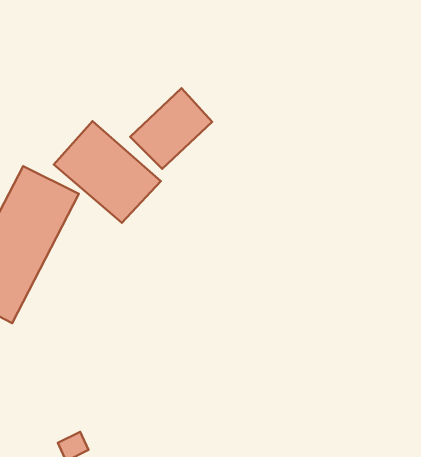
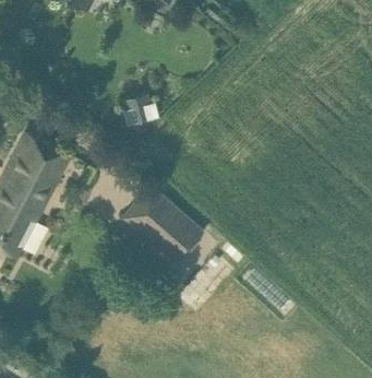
building: [54,121,161,223] -> [120,185,204,264]

